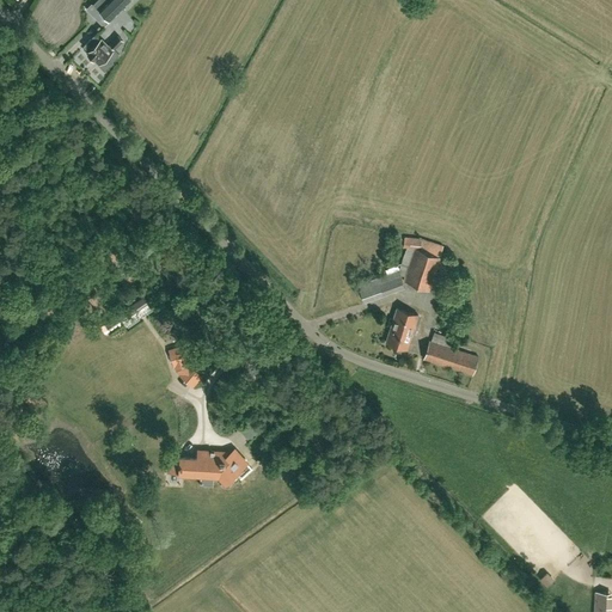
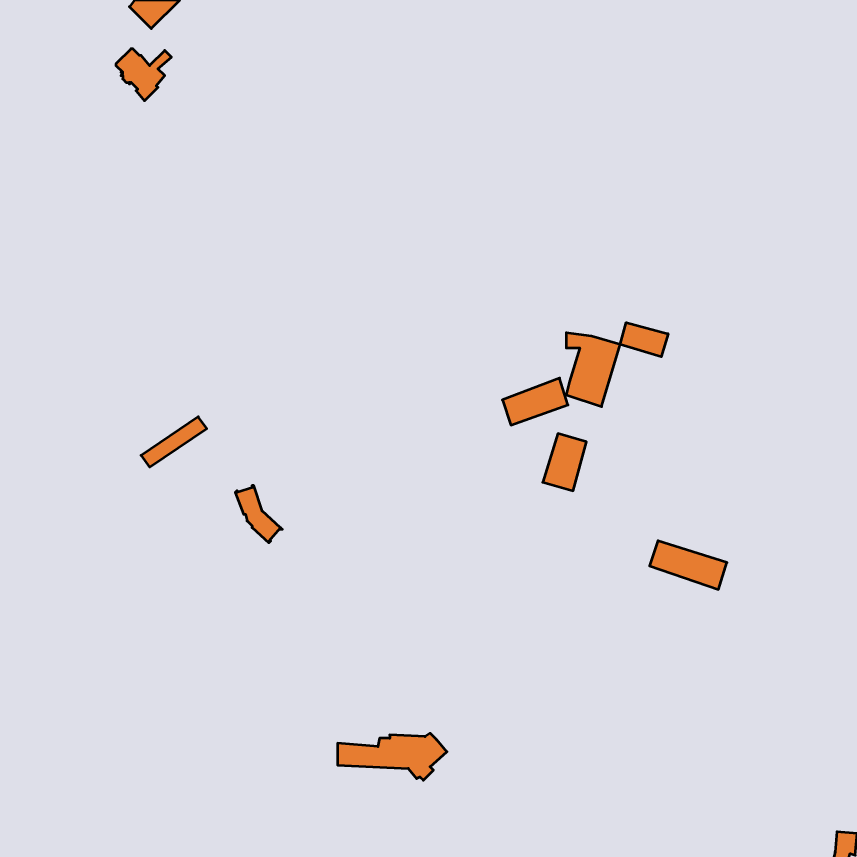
building: none -> [620,323,668,357]
building: [423,342,478,377] -> [650,541,727,589]
building: [167,451,245,484] -> [338,733,447,780]

